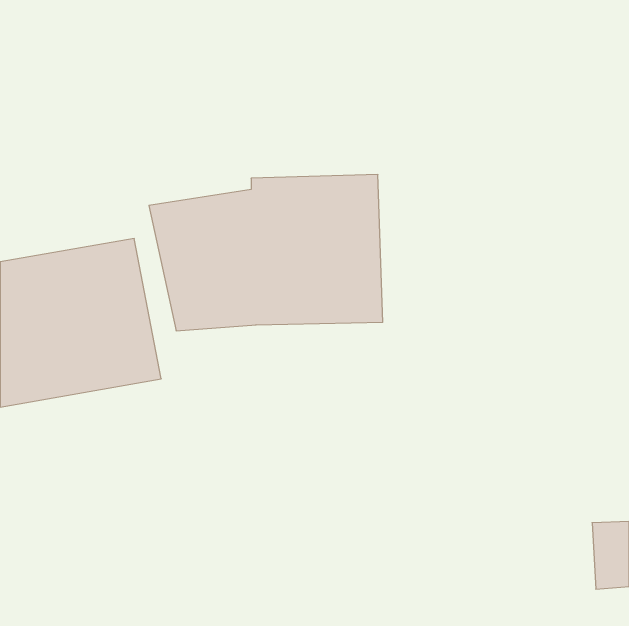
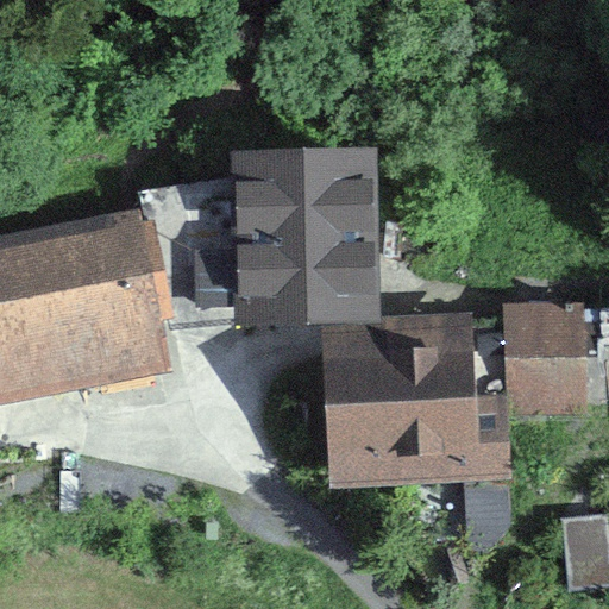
building: none -> [513,313,579,412]
building: none -> [333,337,507,475]

